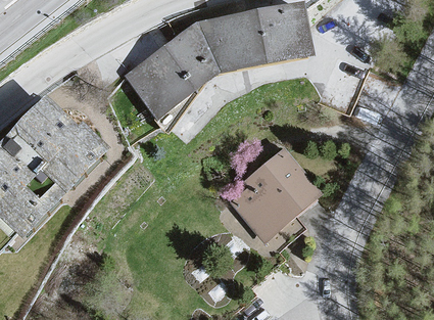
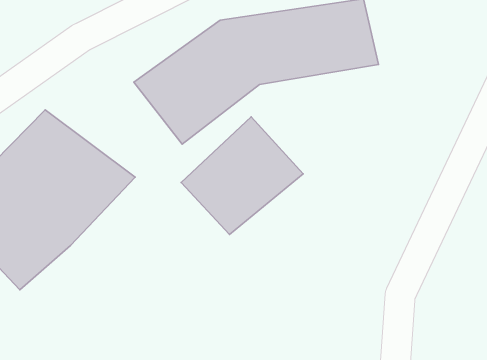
building: [224,146,322,241] -> [181,117,303,235]

